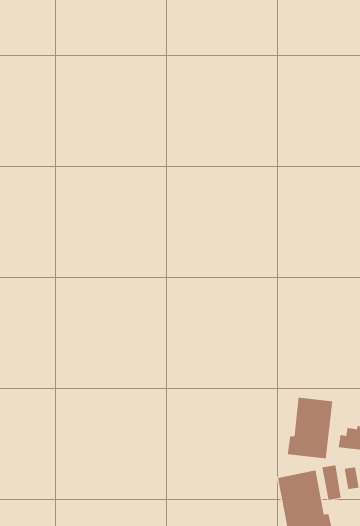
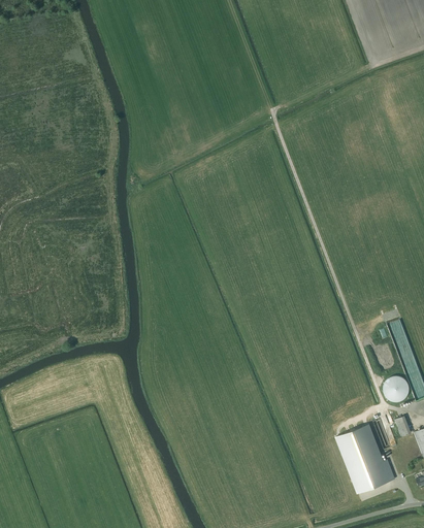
building: [287,397,333,459] -> none

